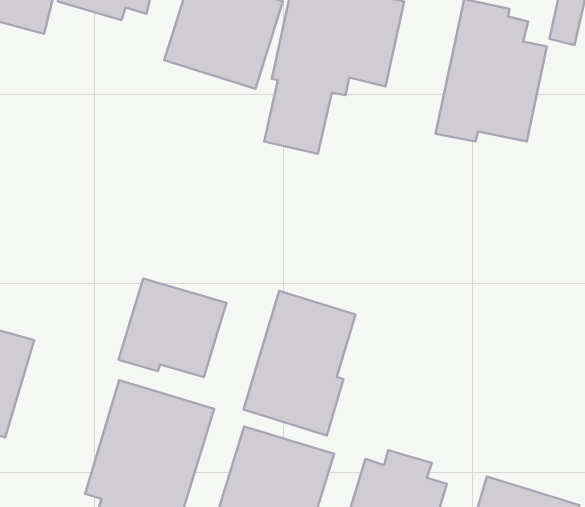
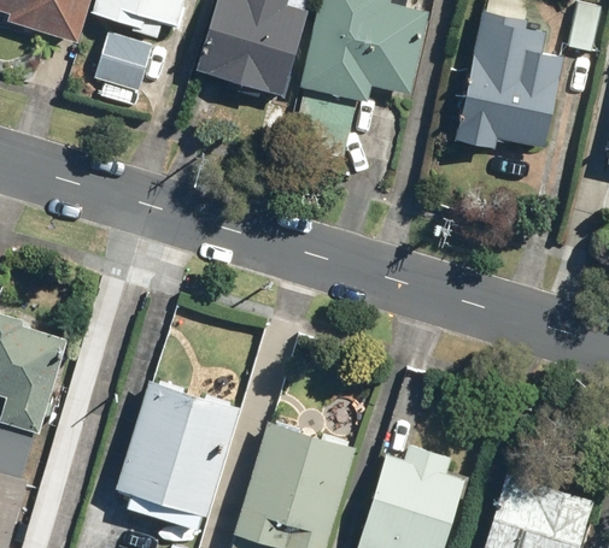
building: none -> [92,33,152,92]
building: [119,279,226,377] -> none
building: [244,291,356,435] -> none

